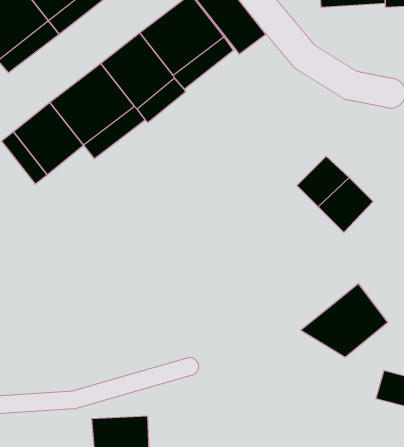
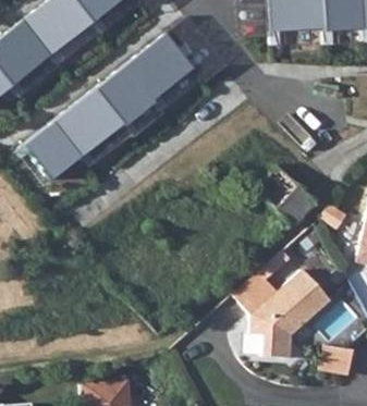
building: none -> [233,268,292,358]

